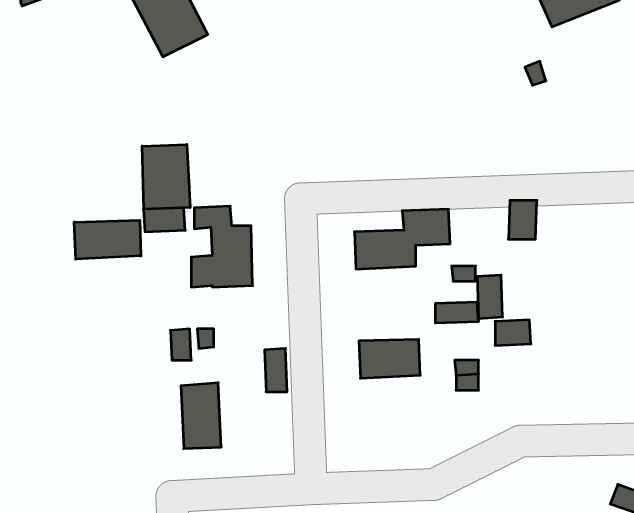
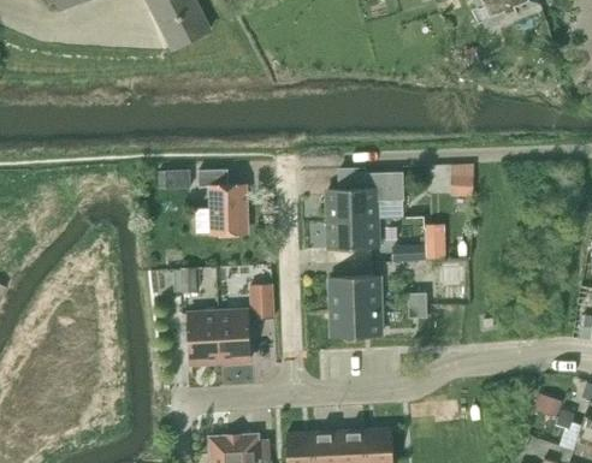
building: [142,144,190,209] -> none
building: [74,220,141,259] -> none
building: none -> [327,216,377,249]
building: none -> [331,304,379,337]
building: none -> [217,309,249,362]

